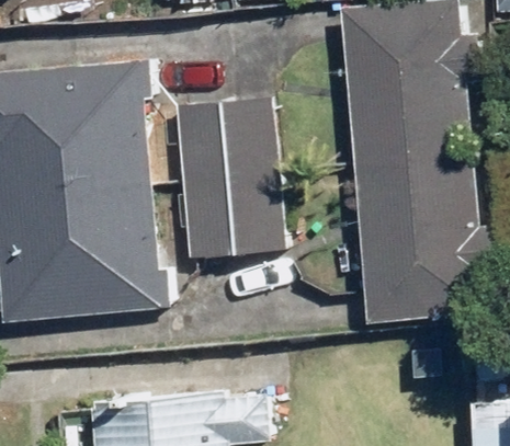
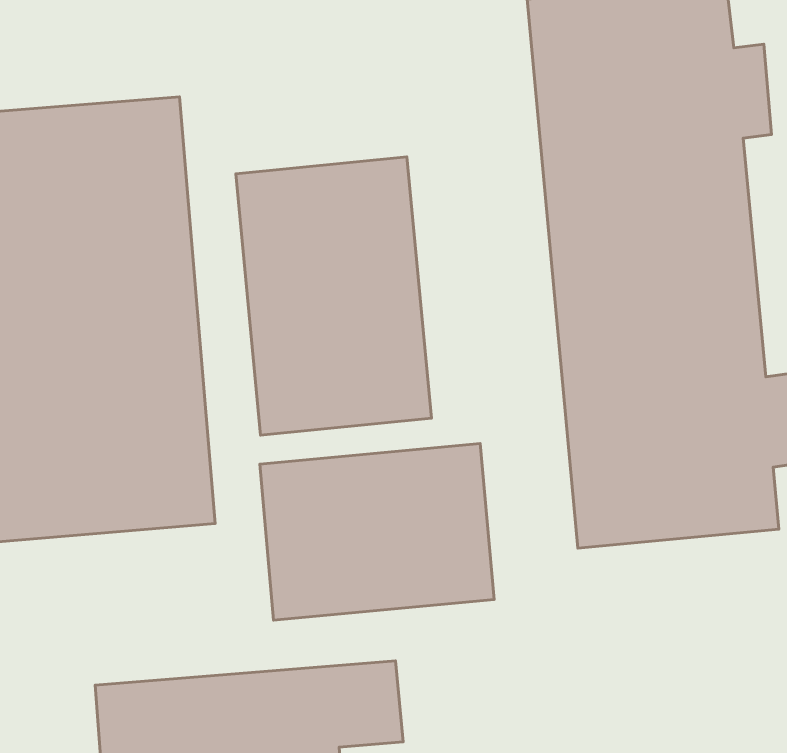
building: none -> [260,444,494,620]

